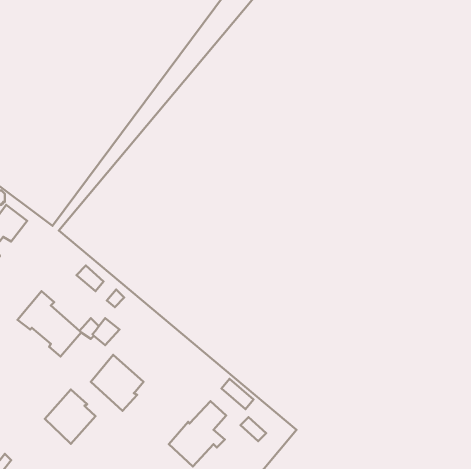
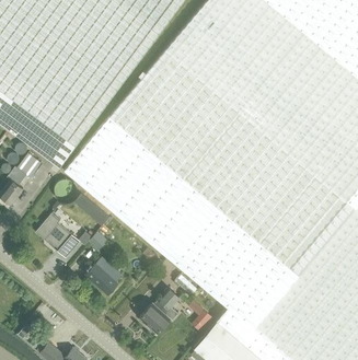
building: [45,390,95,444] -> none

